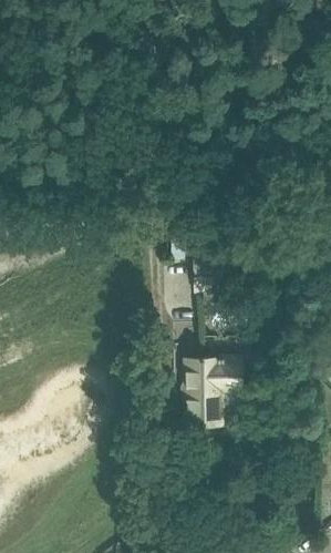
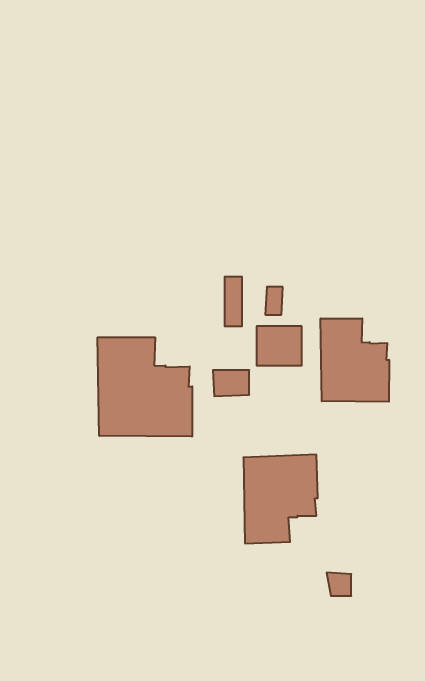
building: none -> [321,318,389,402]
building: none -> [98,337,192,437]

